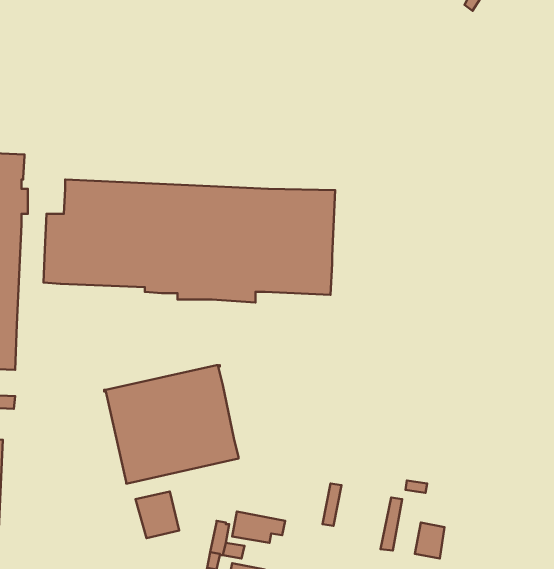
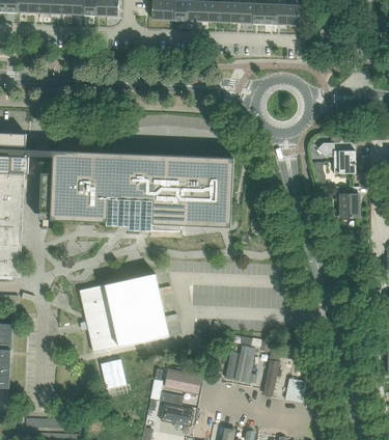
building: none -> [317,140,355,173]
building: none -> [335,187,359,218]
building: none -> [233,352,253,384]

